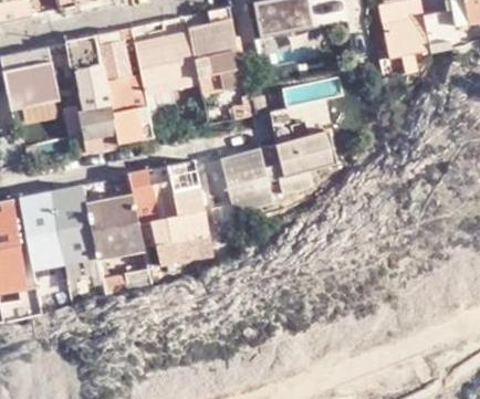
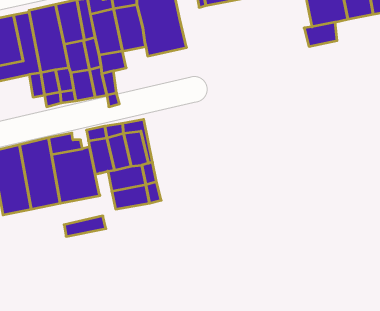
building: [222,101,341,213] -> none

